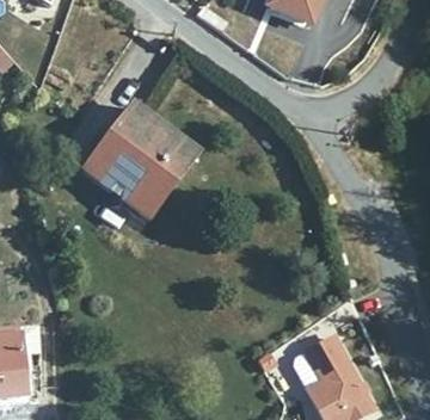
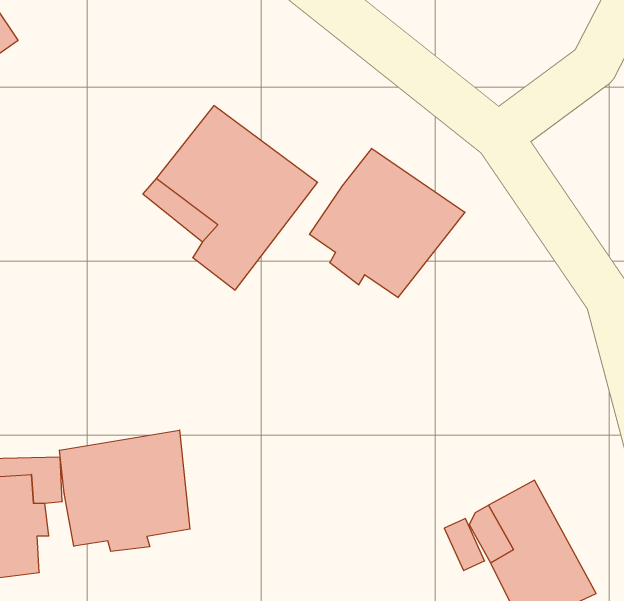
building: none -> [309,148,465,298]
building: none -> [60,430,190,551]

